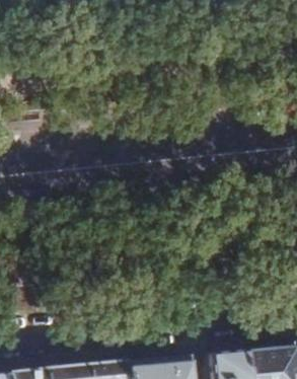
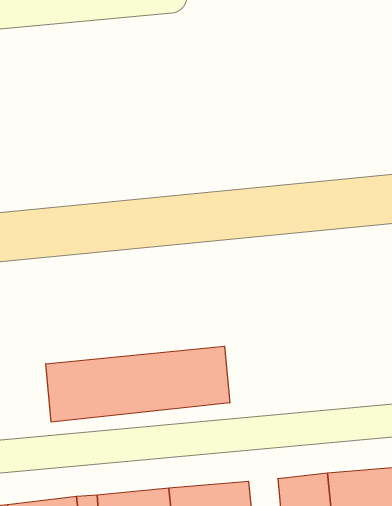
building: none -> [46,346,230,422]

